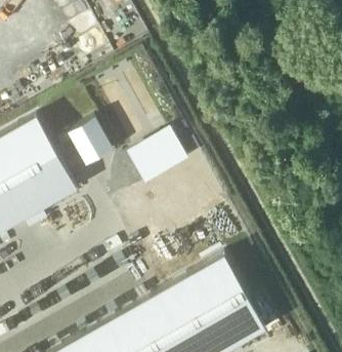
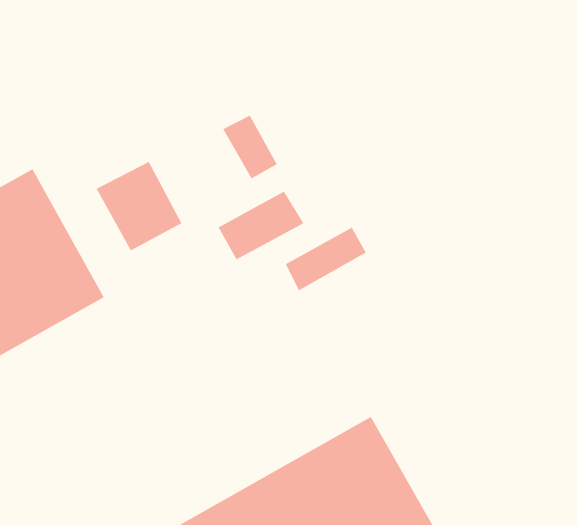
building: none -> [222,115,278,179]
building: none -> [285,226,367,291]

